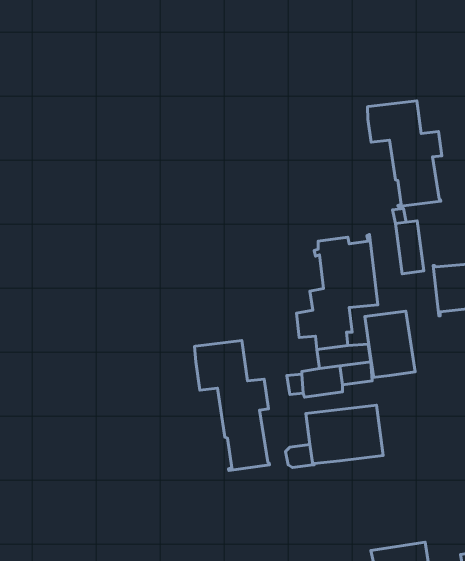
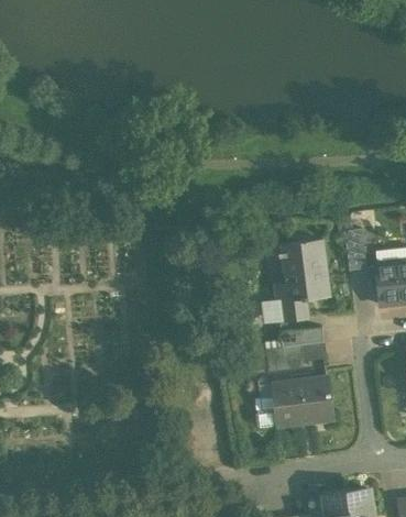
building: [367,101,442,207] -> none
building: [365,311,415,378] -> none
building: [195,340,270,470] -> none

